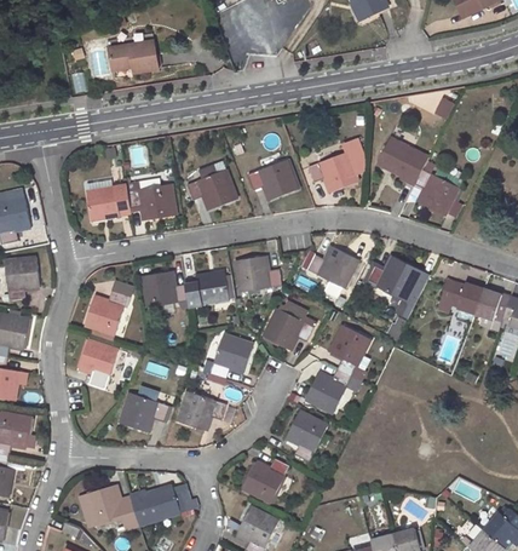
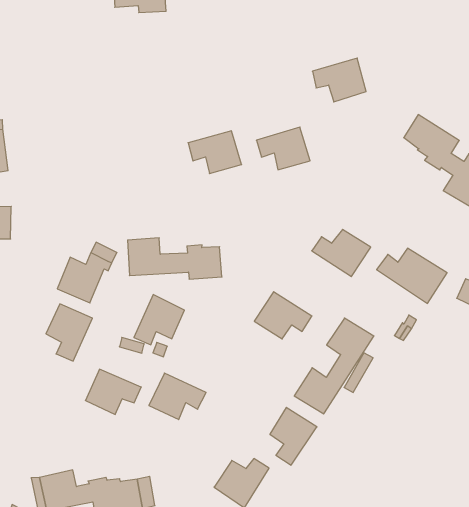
building: [309,151,358,193] -> [312,58,366,102]
building: [86,178,177,220] -> none
building: [236,256,282,292] -> none
building: [211,334,253,379] -> [134,295,184,345]

